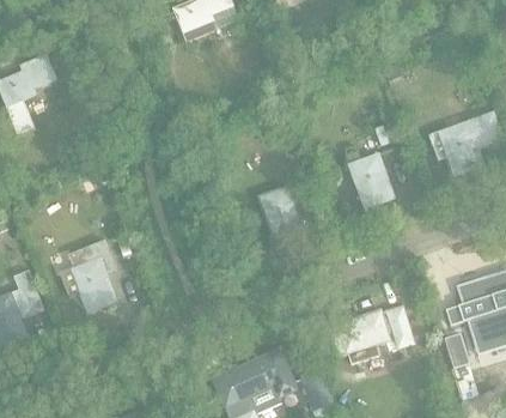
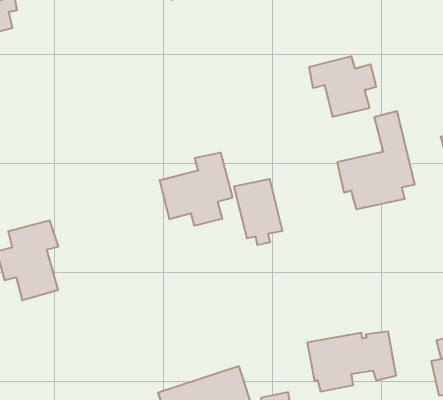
building: none -> [309,56,376,117]
building: none -> [160,153,232,226]

